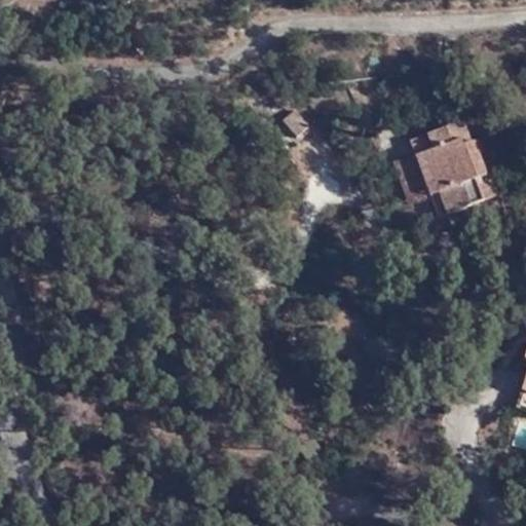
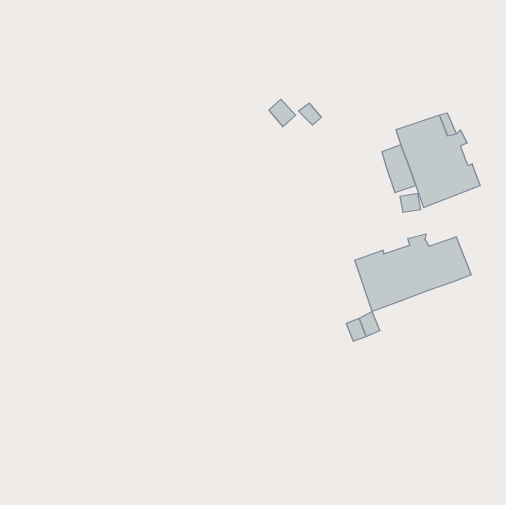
building: none -> [355,234,471,312]

